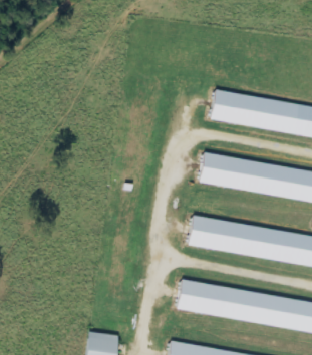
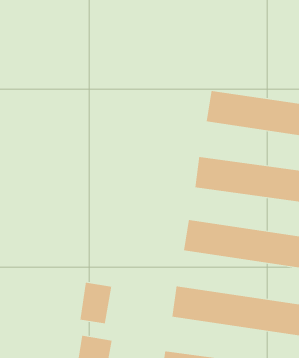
building: none -> [80,282,112,324]

